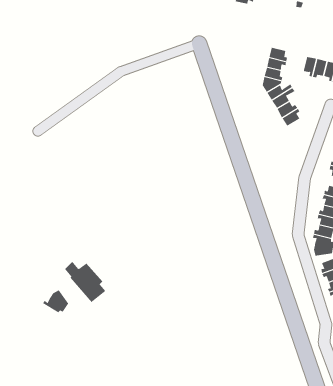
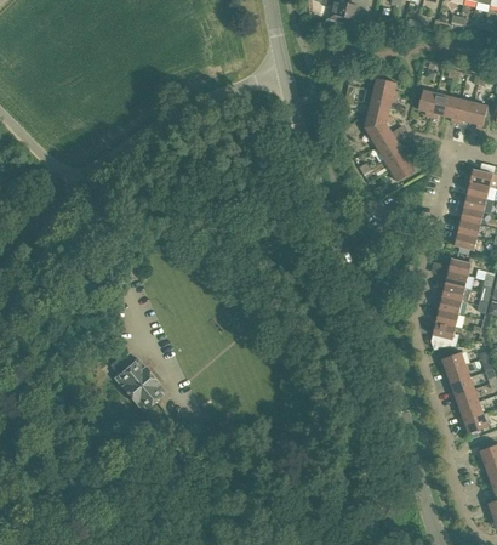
building: [42,290,69,313] -> none

